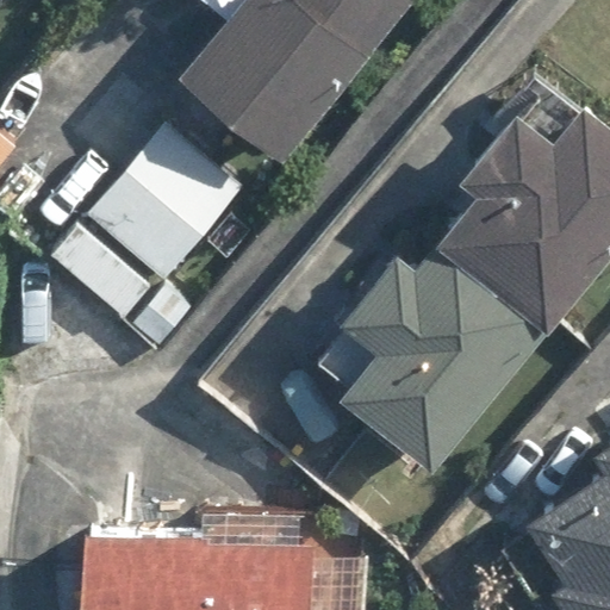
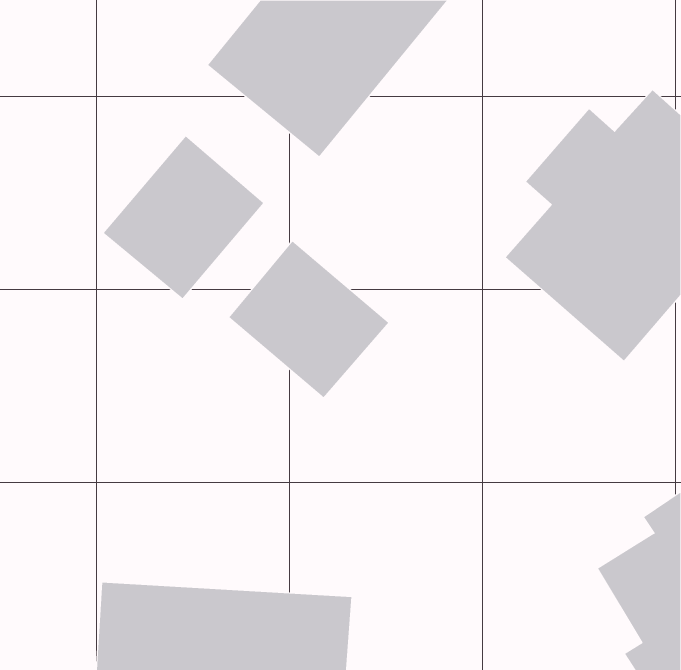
building: none -> [228,241,389,398]
building: [342,245,549,468] -> none

